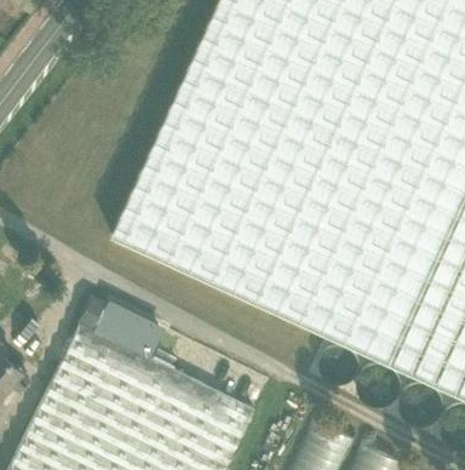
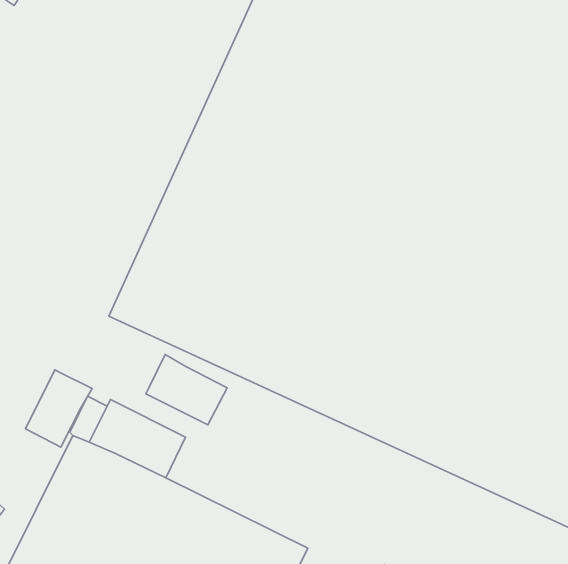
building: none -> [146,355,227,425]
building: none -> [25,370,92,447]

